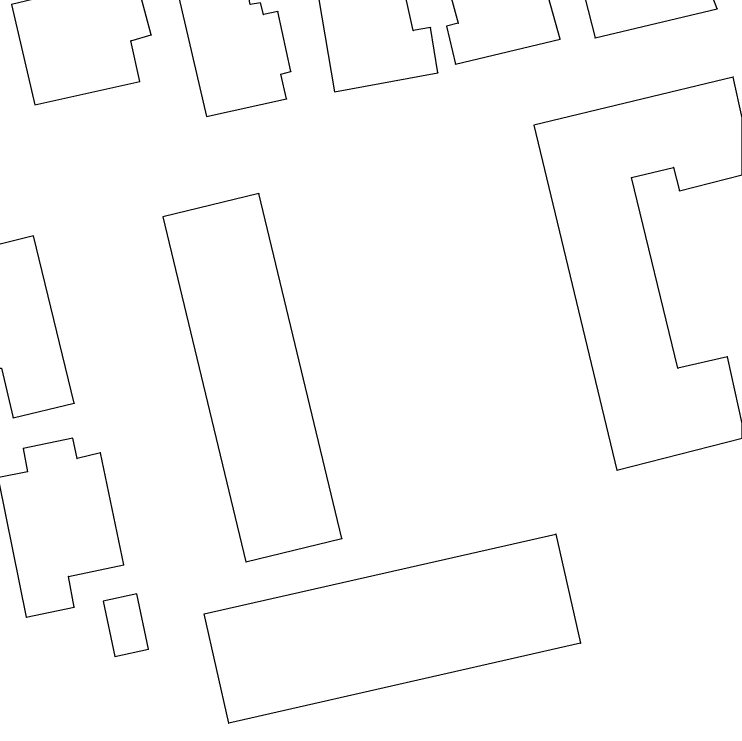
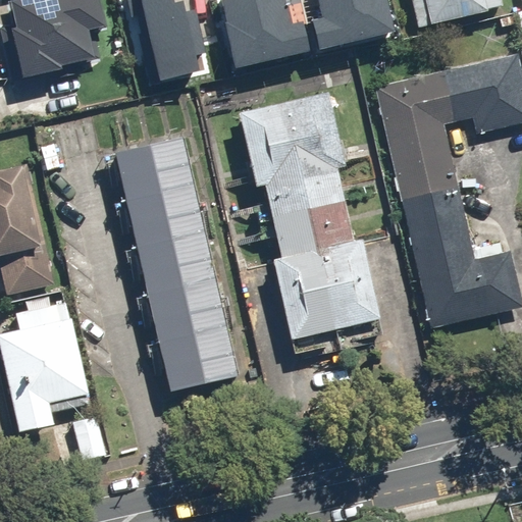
building: none -> [239,95,380,342]
building: [204,534,581,723] -> none

